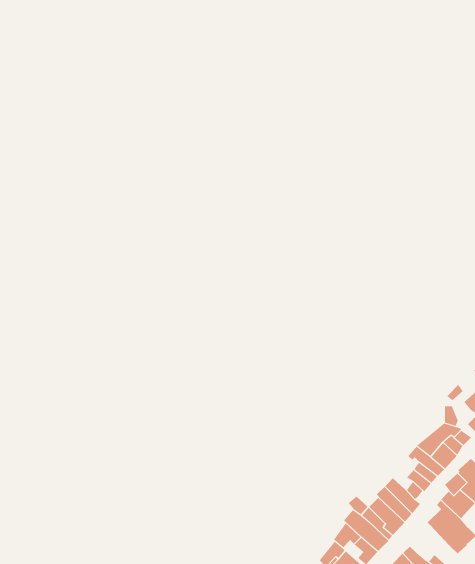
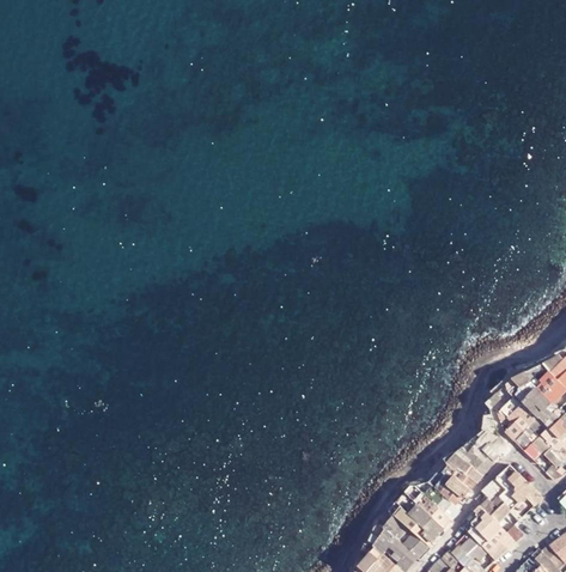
building: none -> [450,531,488,560]

